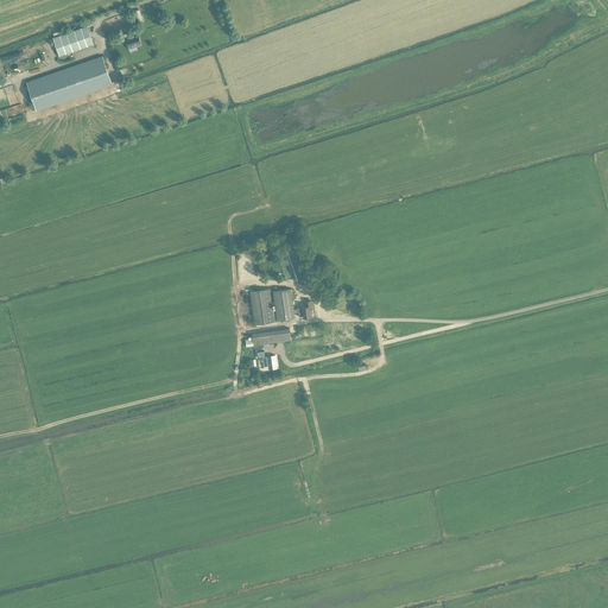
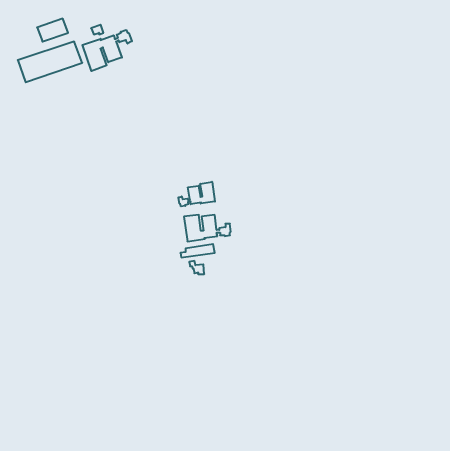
building: none -> [82,30,132,71]
building: none -> [178,182,215,206]

